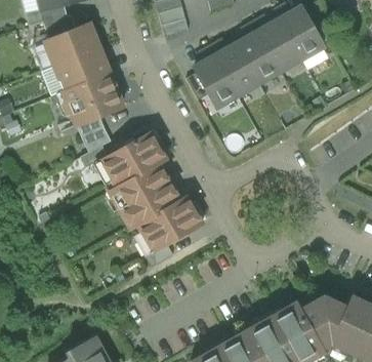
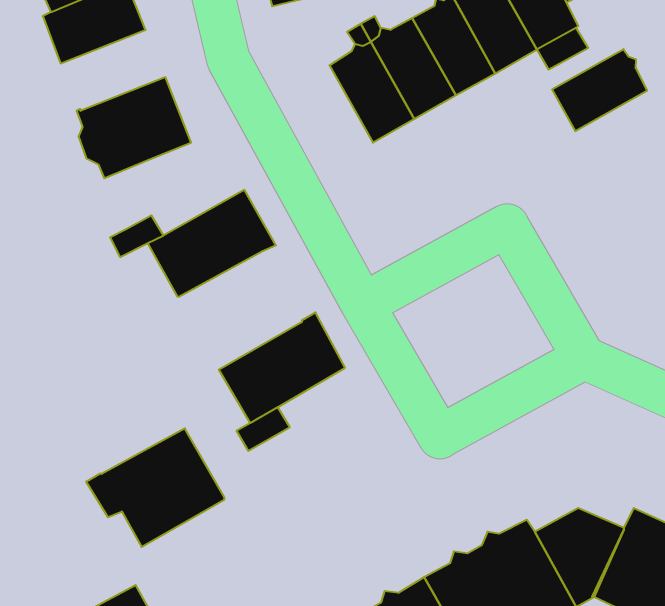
building: [55,48,110,90] -> none
building: none -> [552,49,647,131]
building: [78,116,112,152] -> none
building: [109,163,180,225] -> [86,428,224,547]

